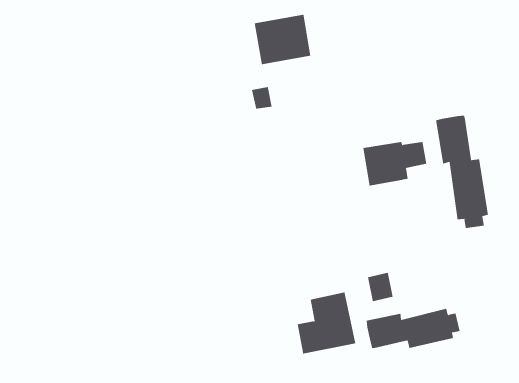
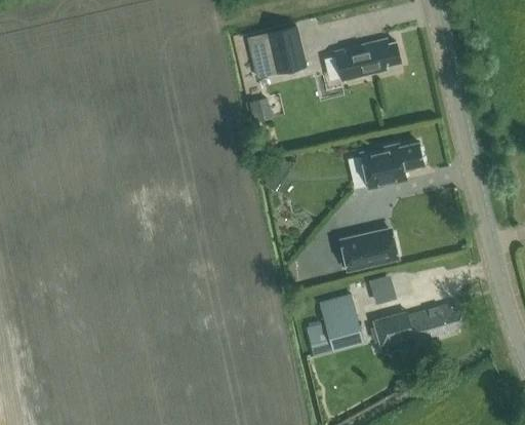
building: none -> [333,40,400,81]
building: [435,115,488,229] -> none
building: none -> [340,233,397,271]

